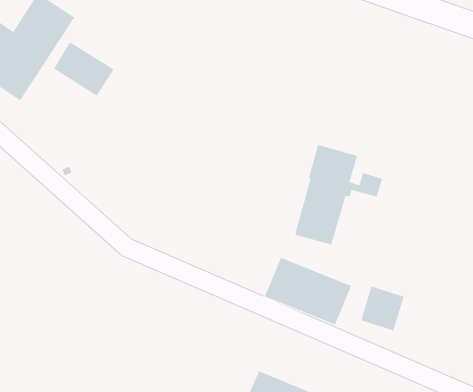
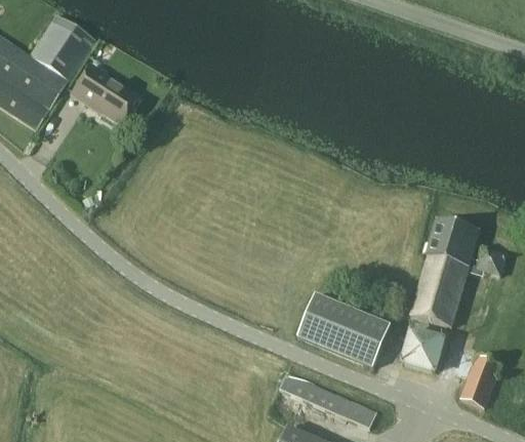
building: [294,144,383,245] -> [411,217,506,325]
building: none -> [460,355,500,407]
building: none -> [279,373,375,428]

